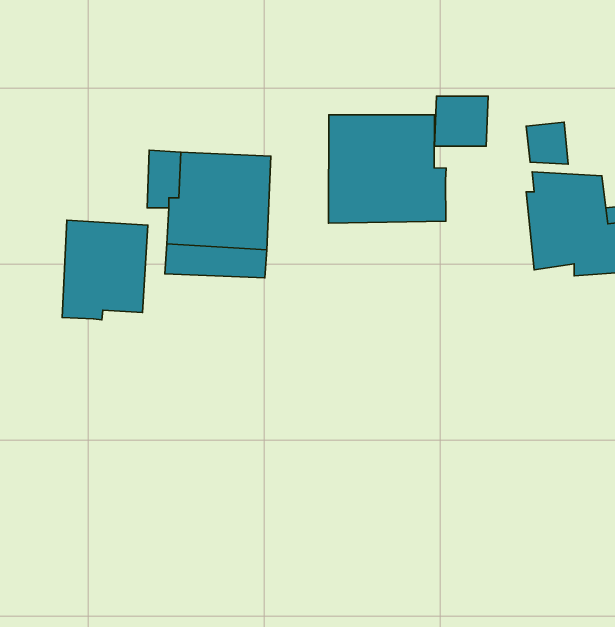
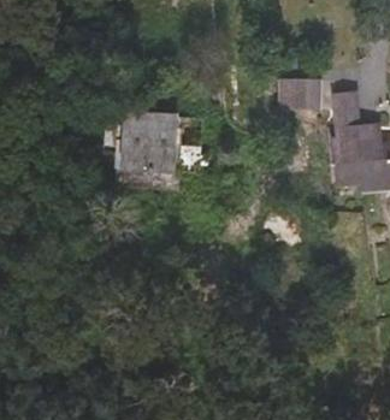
building: [328,115,446,223] -> none
building: [62,220,148,320] -> none

